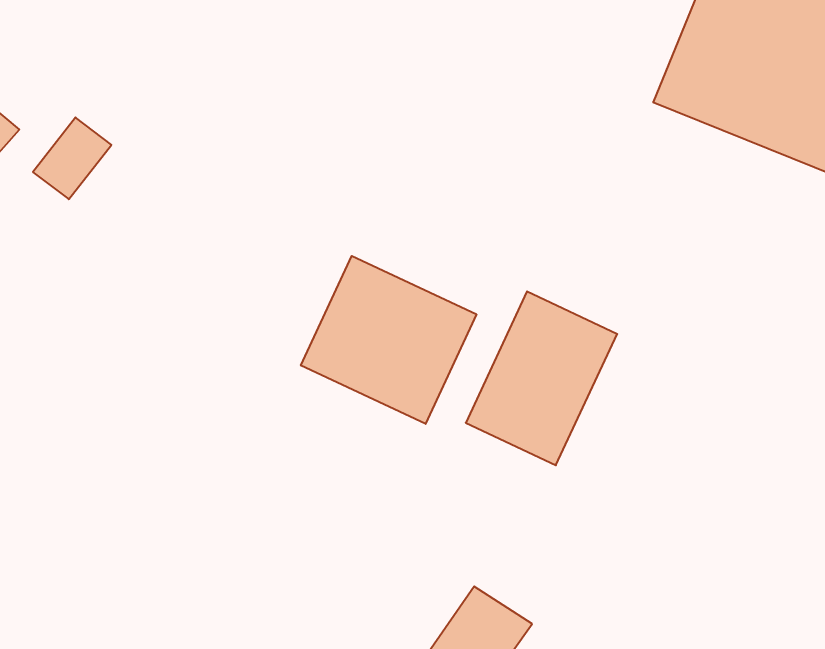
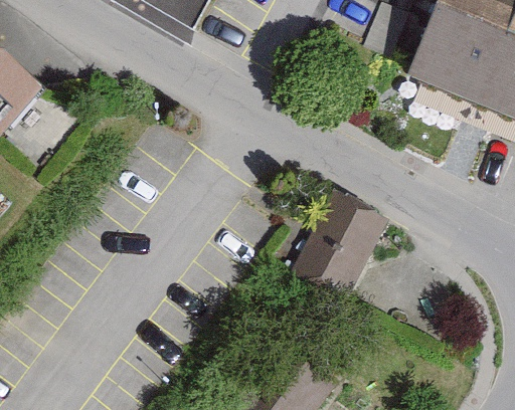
building: [301,256,476,424] -> none

